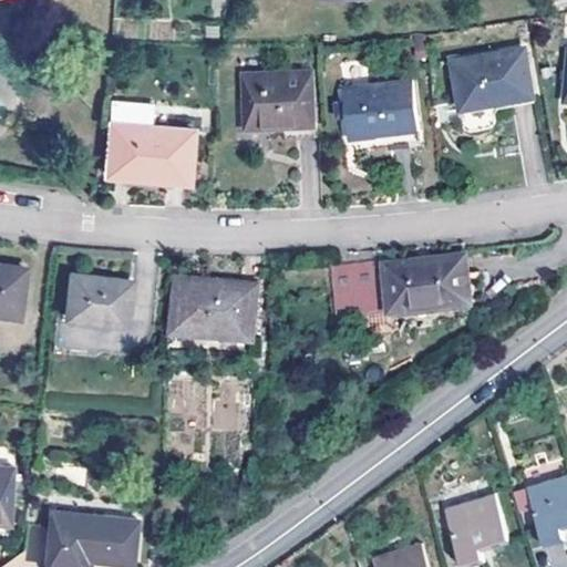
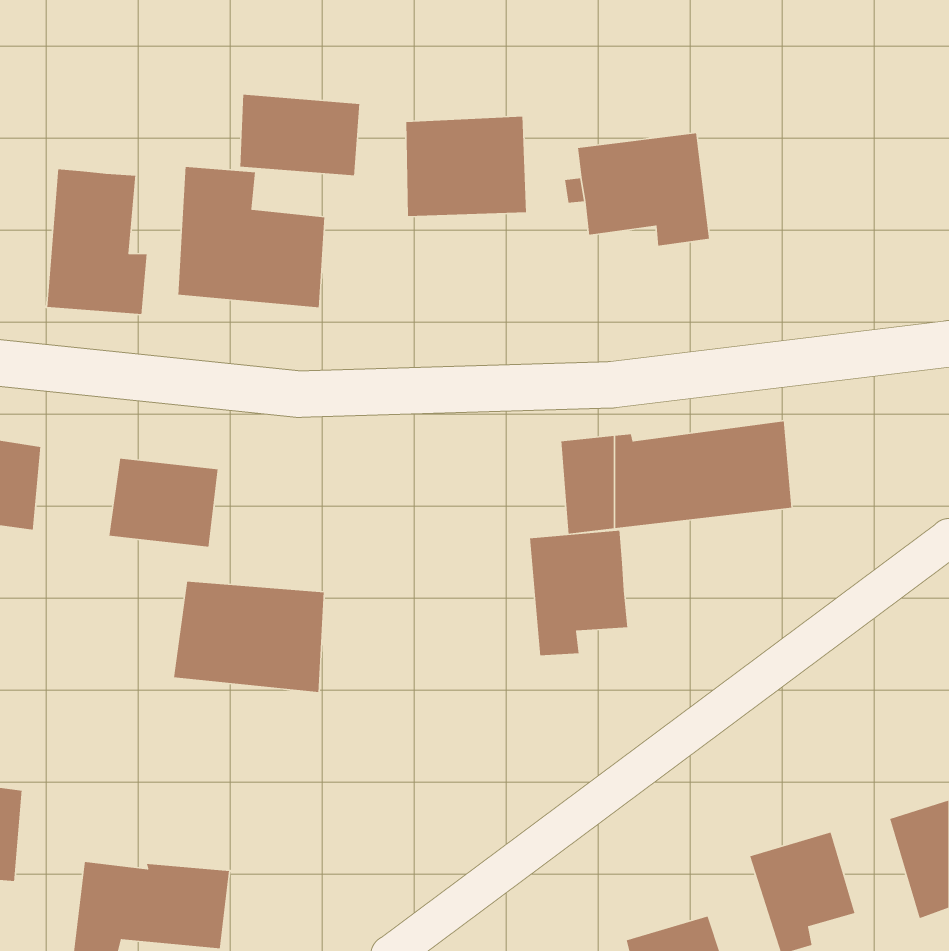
building: [449,50,533,111] -> none
building: none -> [239,94,360,176]
building: none -> [47,169,148,315]
building: [167,277,257,343] -> [173,581,325,693]
building: none -> [529,530,628,656]

